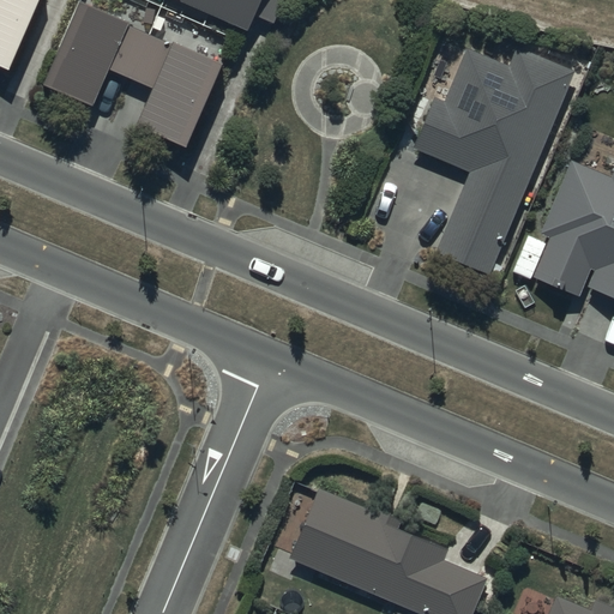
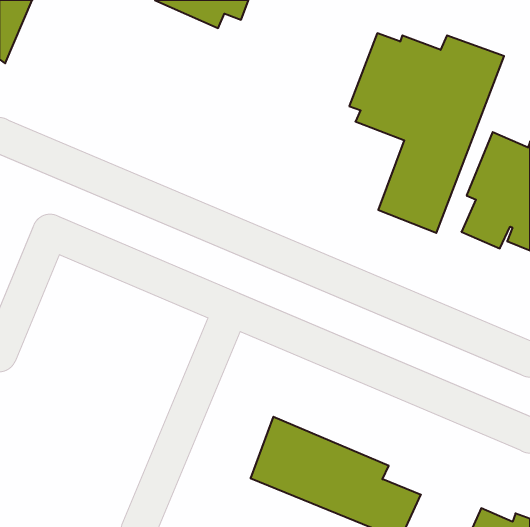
building: [41,11,224,157] -> none

